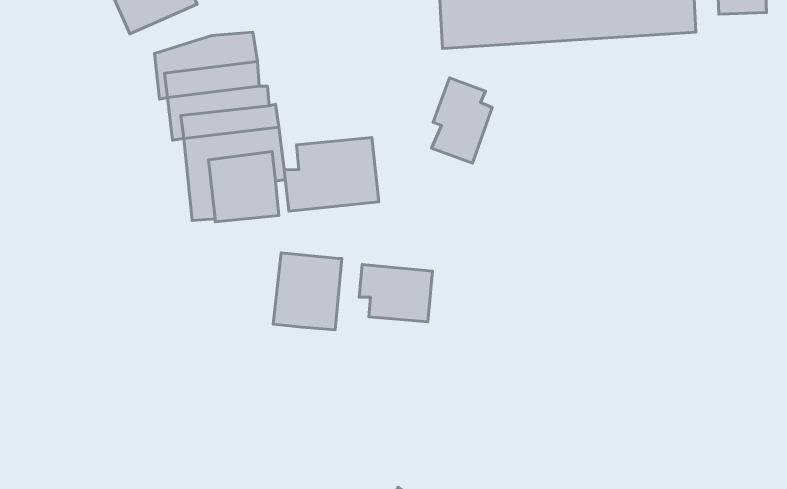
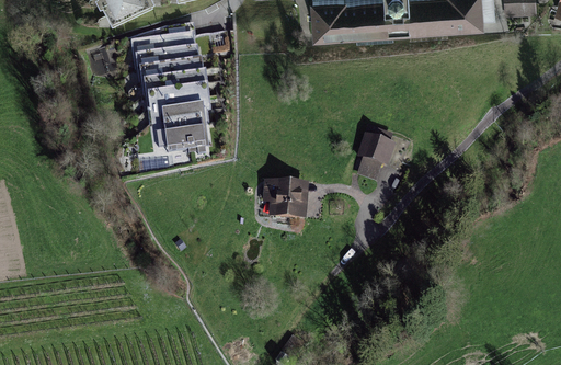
building: [432,78,492,163] -> [356,127,397,184]
building: [284,138,379,211] -> none
building: [273,253,342,330] -> none

